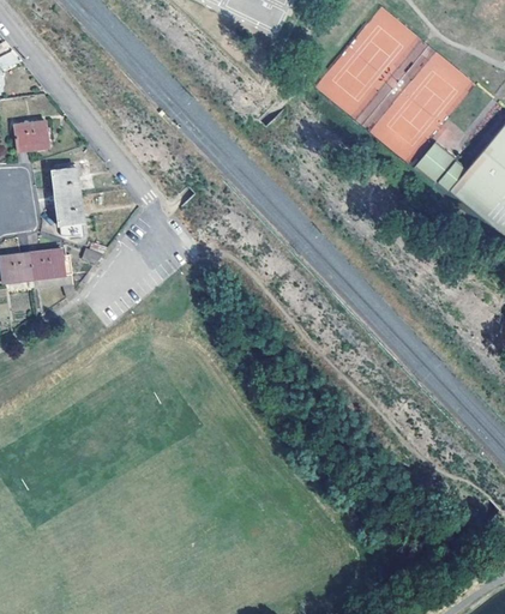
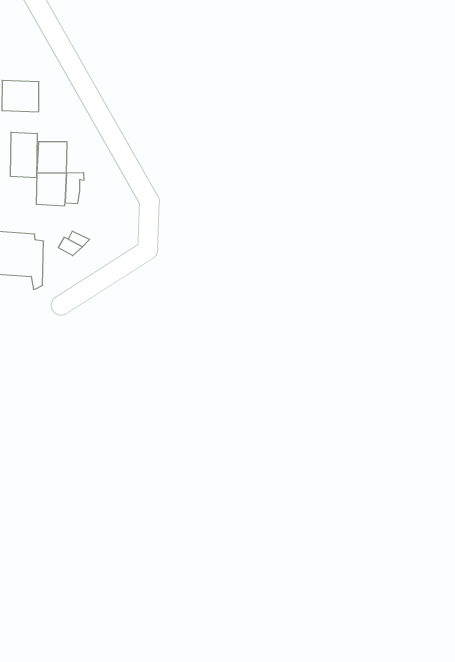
building: none -> [10,132,37,178]

